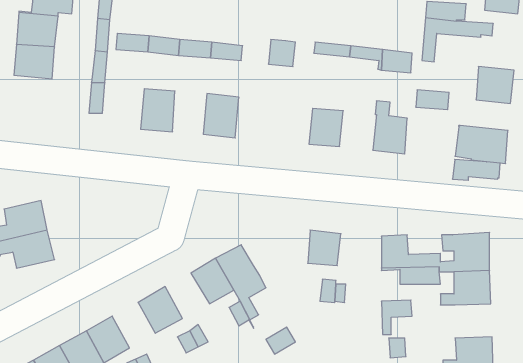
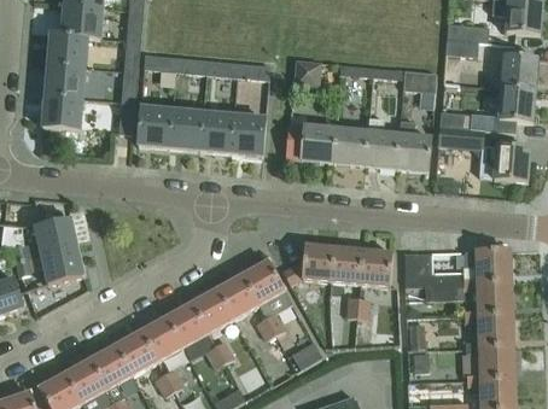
building: none -> [500,55,537,90]
building: none -> [41,95,81,130]
building: none -> [136,105,171,148]
building: none -> [199,111,233,153]
building: none -> [363,117,400,169]
building: none -> [285,123,337,163]
building: [452,159,500,180] -> [436,127,483,147]
building: none -> [281,245,334,284]
building: none -> [361,251,391,285]
building: none -> [192,290,235,334]
building: none -> [140,319,182,363]
building: none -> [455,320,513,354]

